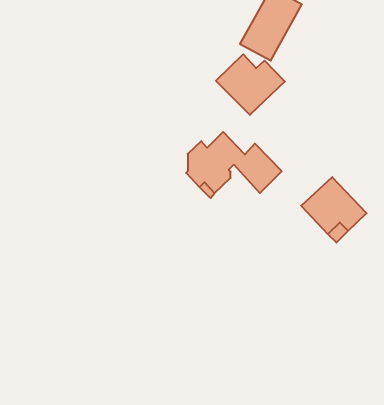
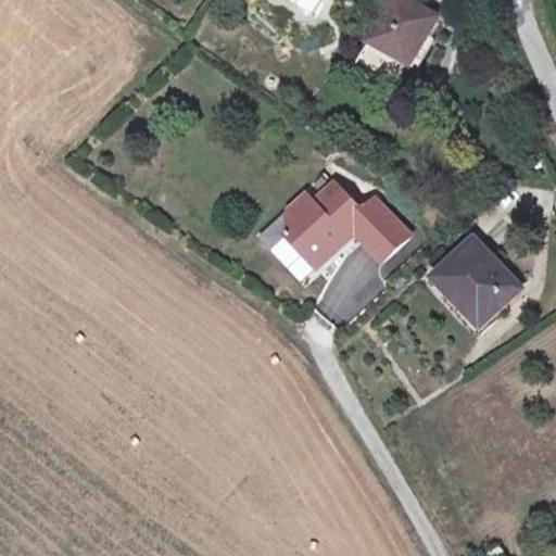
building: [216,54,285,115] -> none

